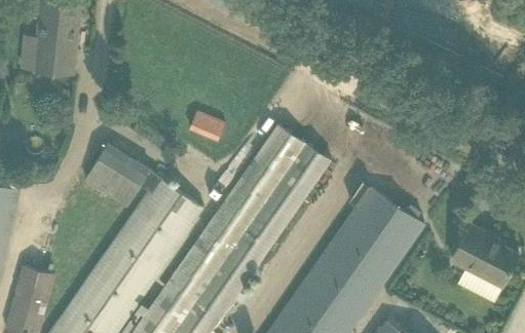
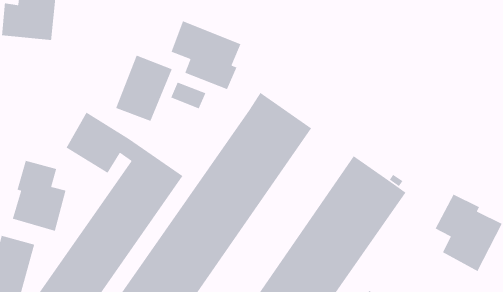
building: none -> [170,20,242,90]
building: none -> [115,54,173,122]
building: none -> [12,160,66,232]

